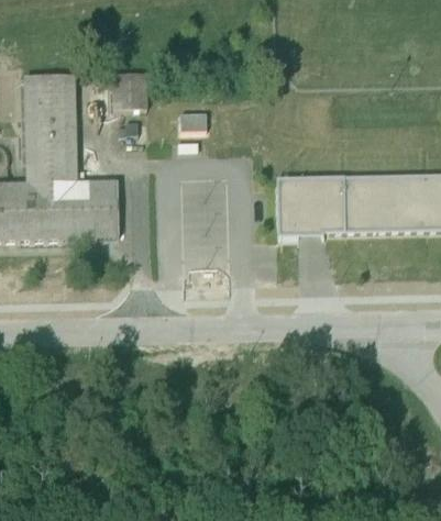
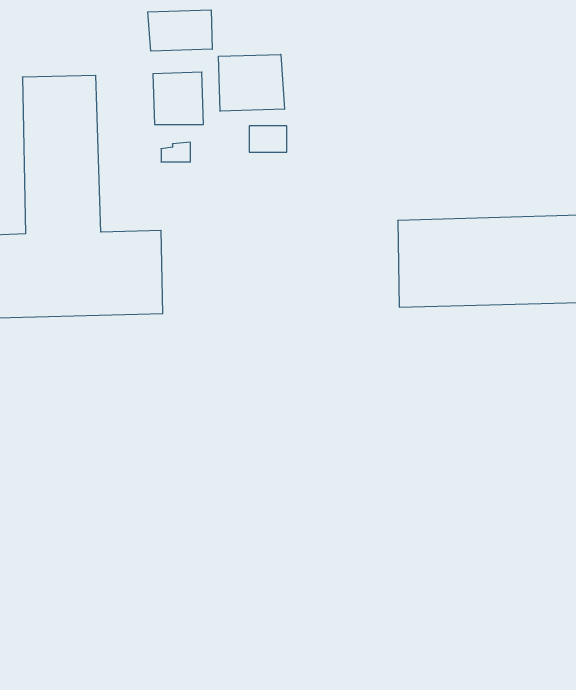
building: none -> [148,10,212,51]
building: none -> [219,54,284,111]

